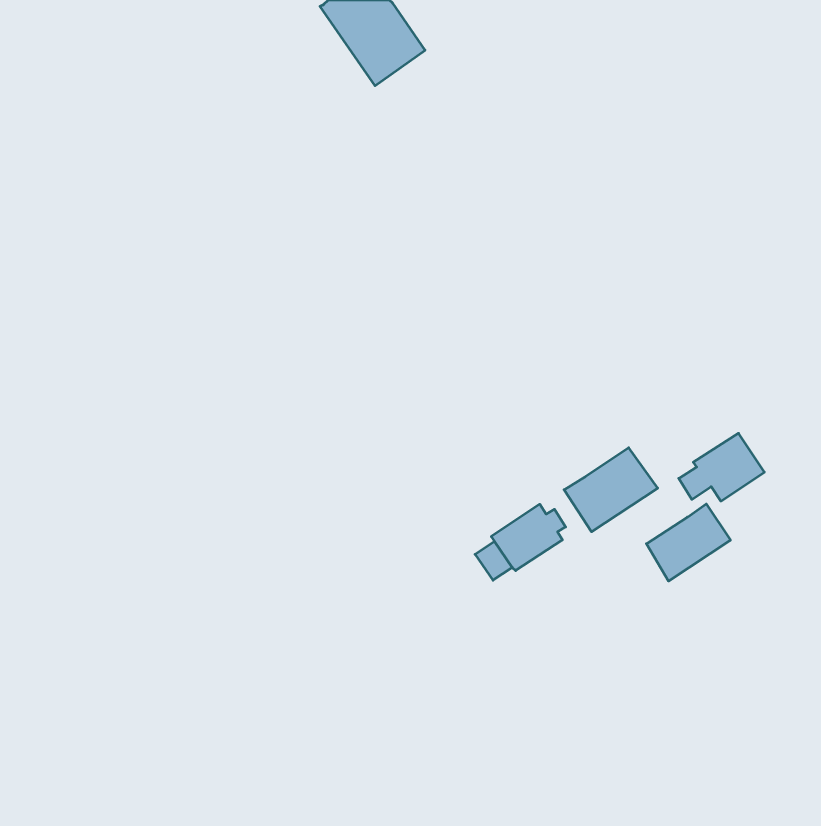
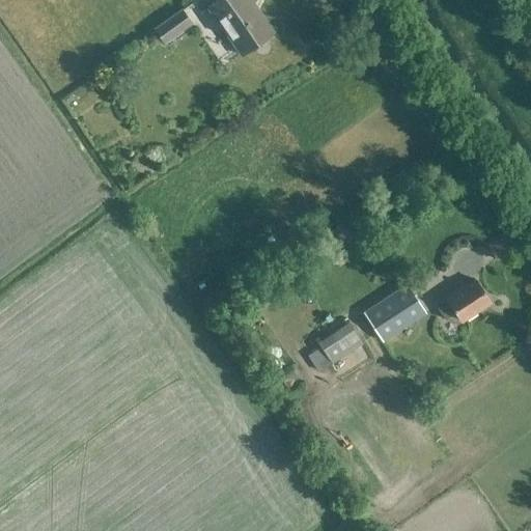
building: none -> [155,7,193,41]
building: [646,504,730,581] -> none

